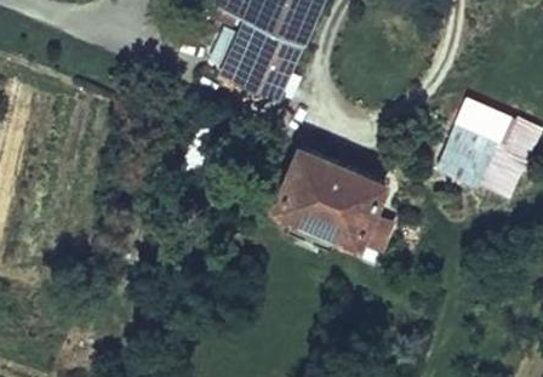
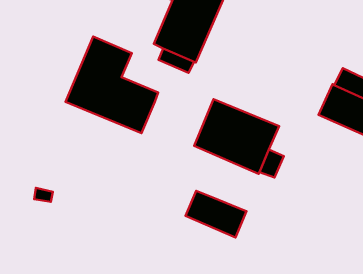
building: none -> [65,37,158,133]
building: none -> [185,191,246,237]

